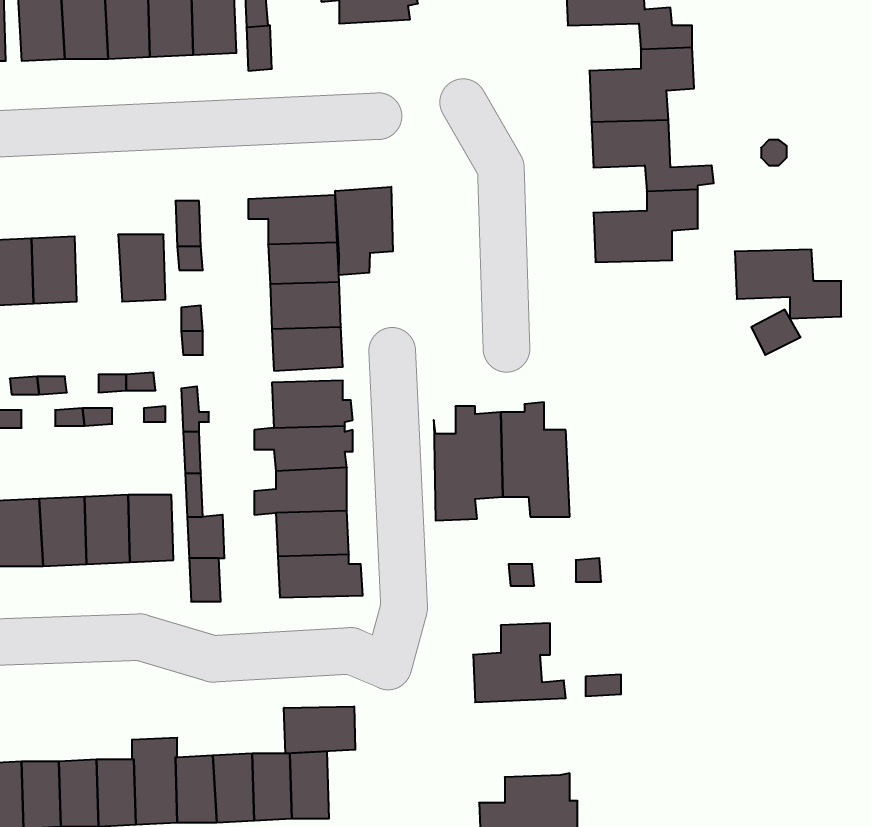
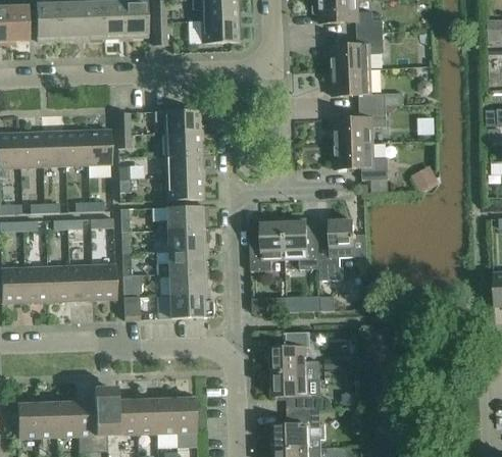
building: none -> [201,18,243,43]
building: [335,187,393,275] -> none
building: none -> [64,130,89,164]
building: [735,250,841,319] -> [334,143,389,179]
building: none -> [318,215,355,275]
building: none -> [271,369,318,410]
building: [284,706,355,753] -> none

